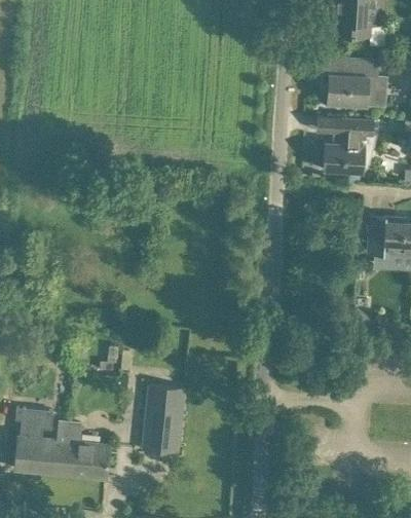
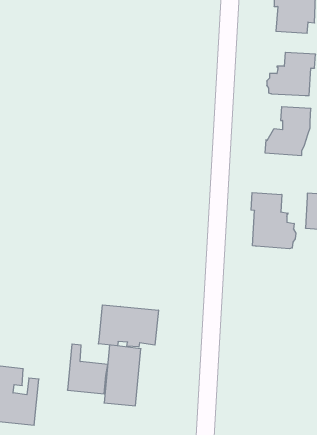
building: none -> [251,193,296,249]
building: none -> [98,305,158,347]
building: [66,423,111,479] -> [67,344,108,394]

